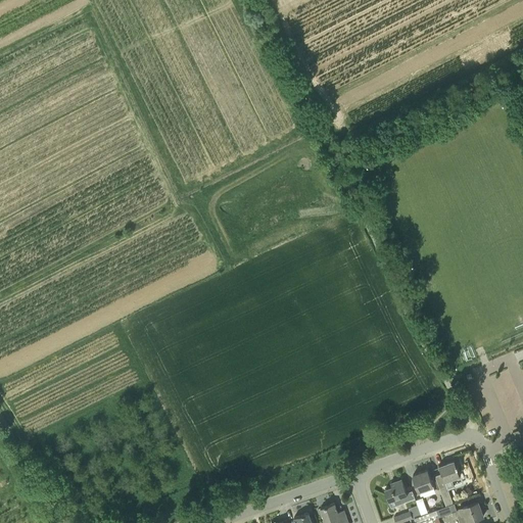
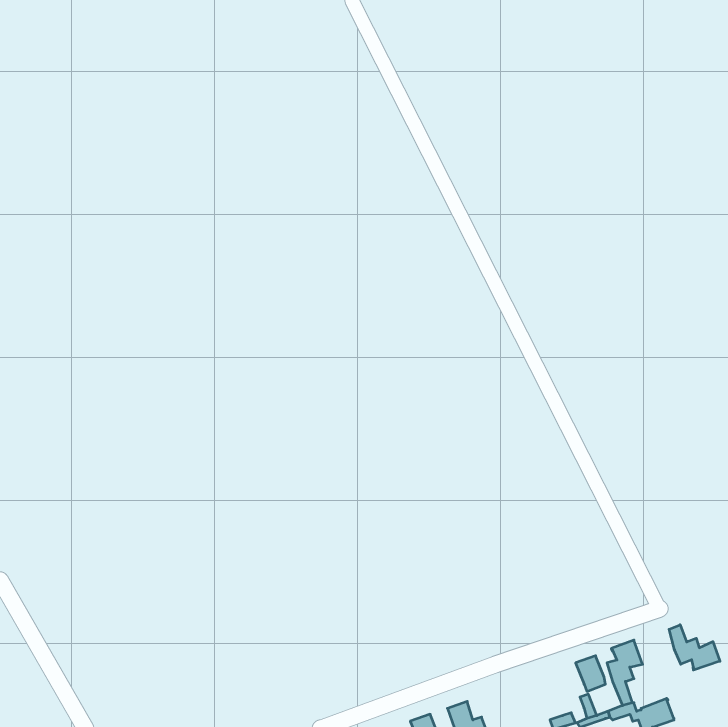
building: none -> [669,625,720,670]
building: [384,479,415,503] -> none

